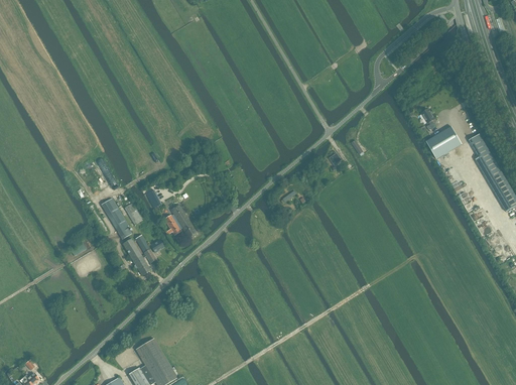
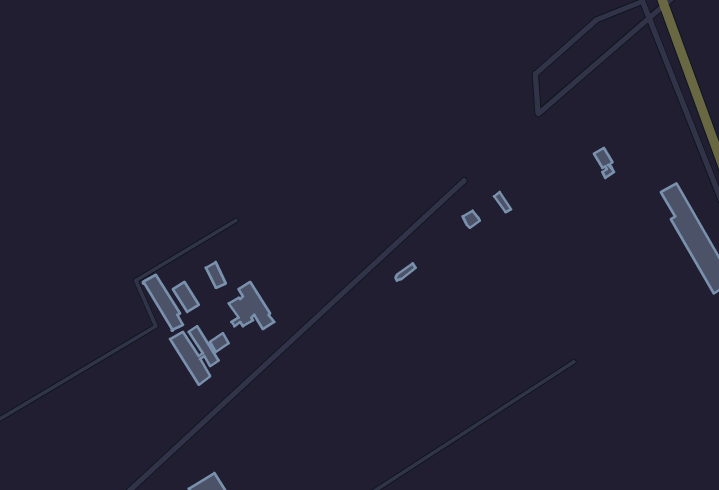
building: [426,125,462,158] -> none

